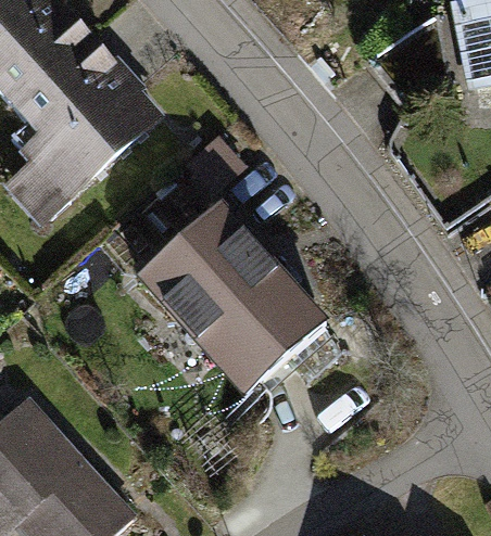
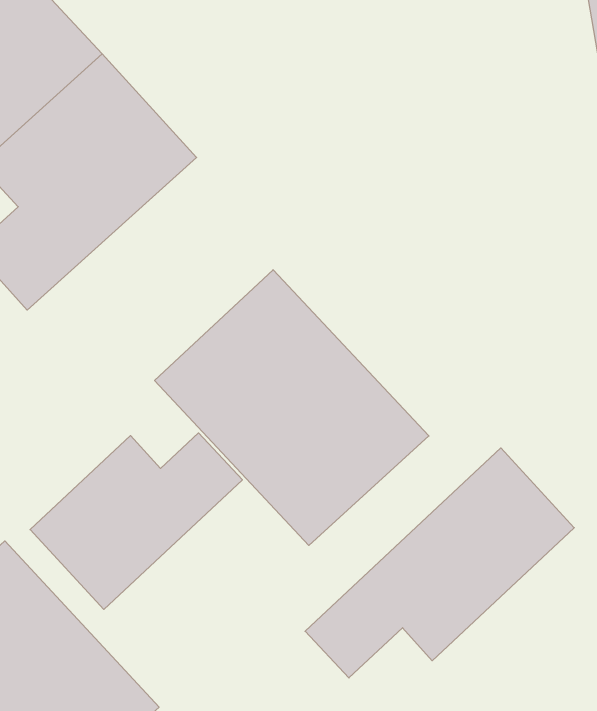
building: none -> [30,433,242,609]
building: none -> [305,448,574,678]

